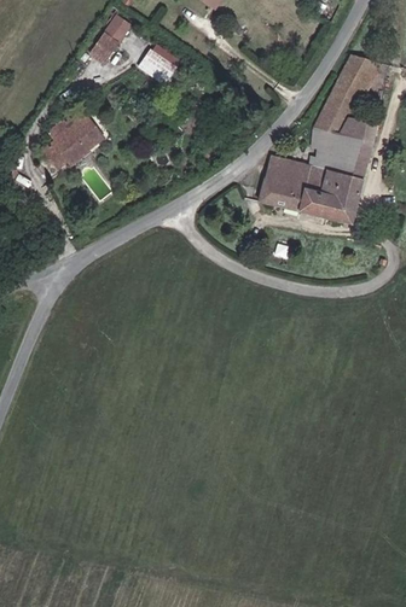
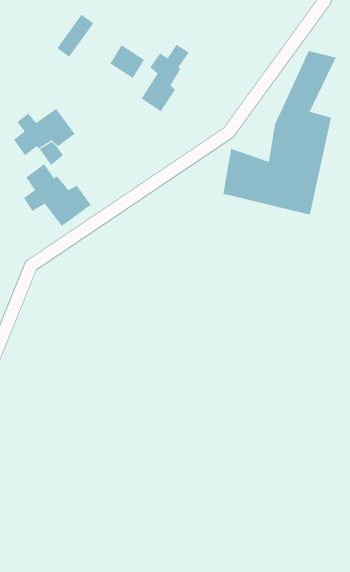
building: none -> [141,44,189,112]
building: none -> [23,163,91,227]

